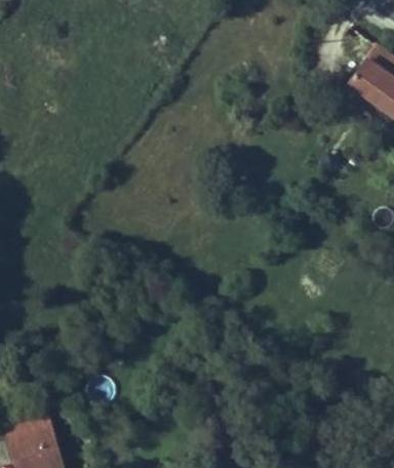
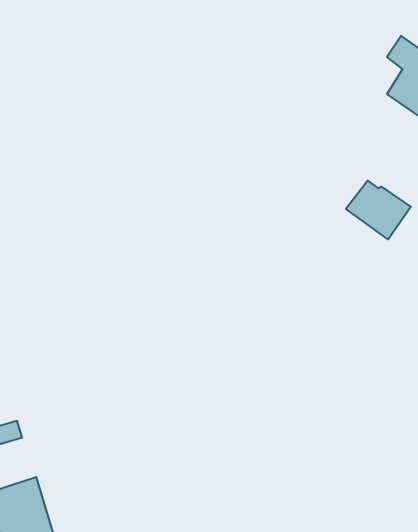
building: none -> [346,181,411,239]

